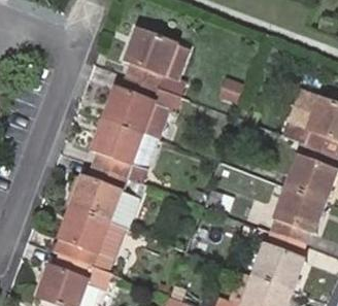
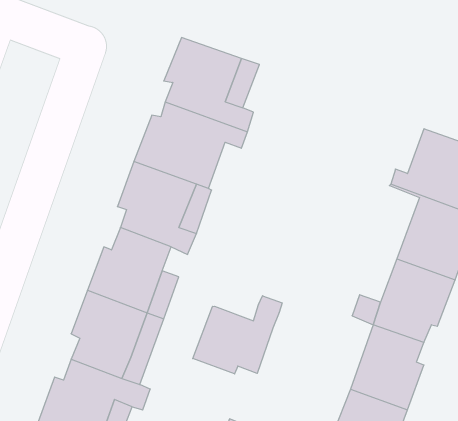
building: none -> [193,296,282,374]

